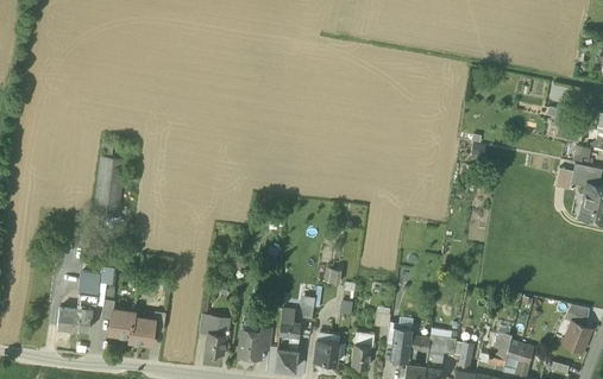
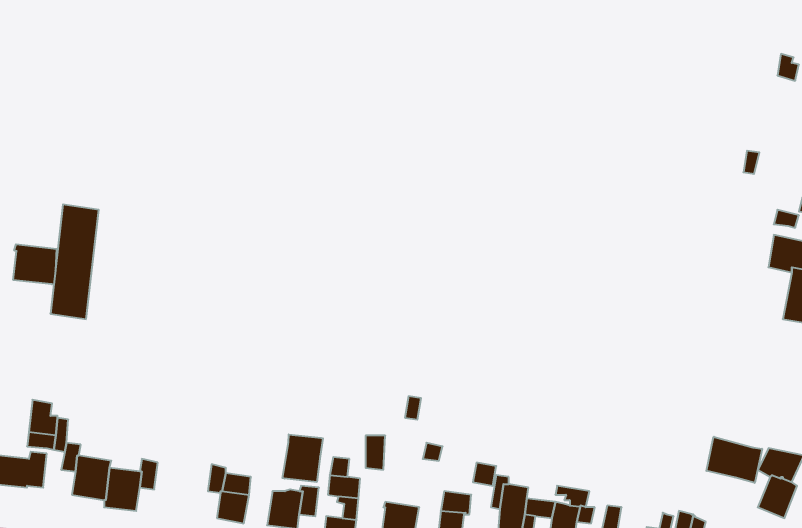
building: none -> [13,244,57,285]
building: none -> [282,434,323,482]
building: none -> [706,437,762,483]

